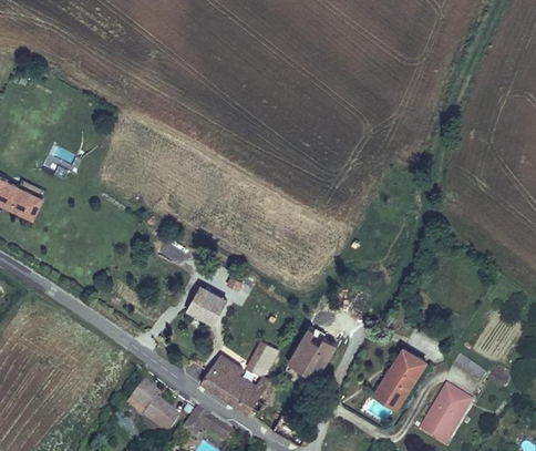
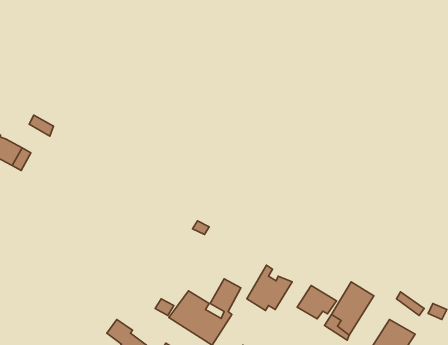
building: [185,283,228,325] -> none
building: none -> [297,286,336,319]

